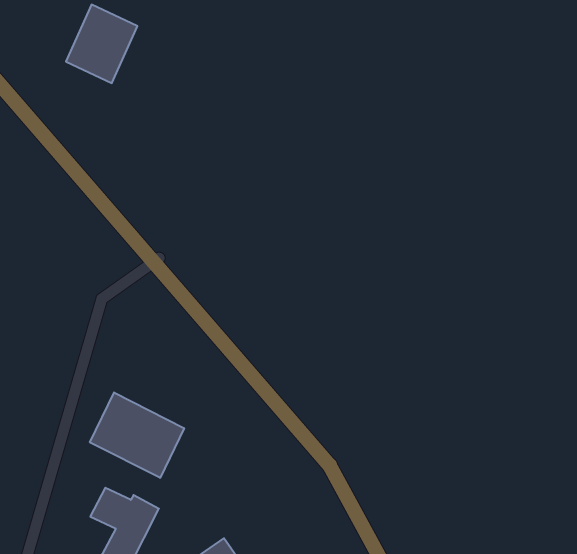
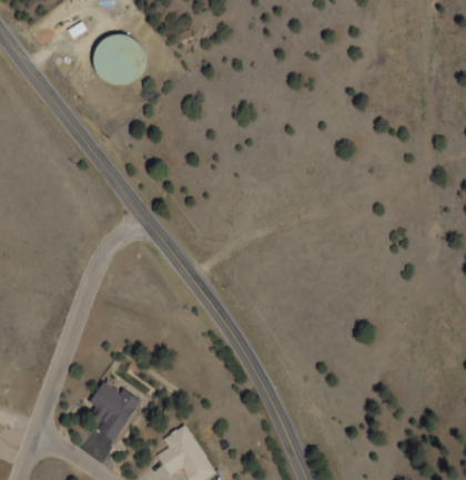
building: [90,392,184,478] -> none

